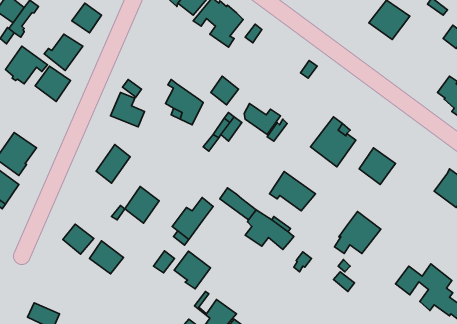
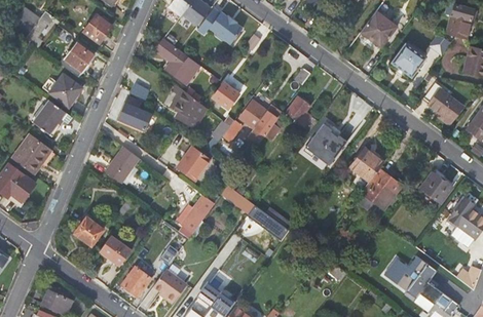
building: none -> [156,37,200,84]
building: none -> [392,44,425,77]
building: [5,46,47,84] -> [34,98,73,133]
building: none -> [285,95,318,130]
building: [270,172,316,211] -> none
building: [125,187,159,223] -> [179,147,211,181]
building: [334,212,381,254] -> [358,169,401,208]
building: [174,251,211,289] -> [153,268,187,303]
building: none -> [122,267,150,295]

